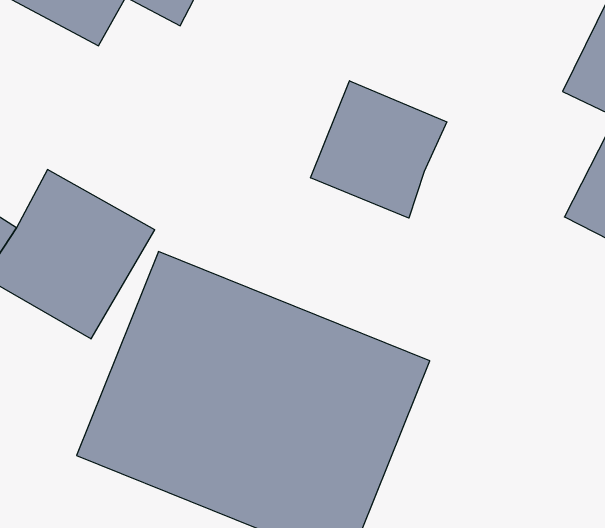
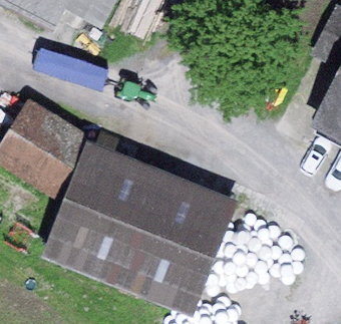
building: [311,81,447,218] -> none

